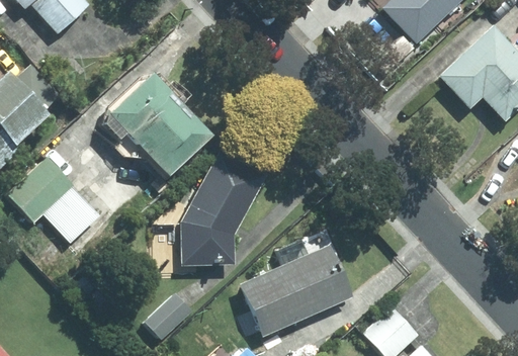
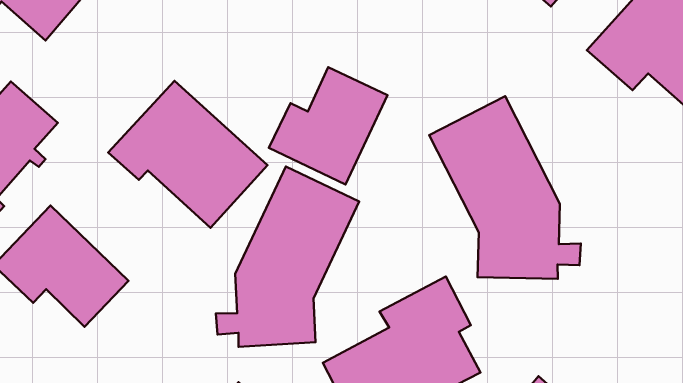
building: none -> [269,67,388,185]
building: none -> [429,96,581,279]

